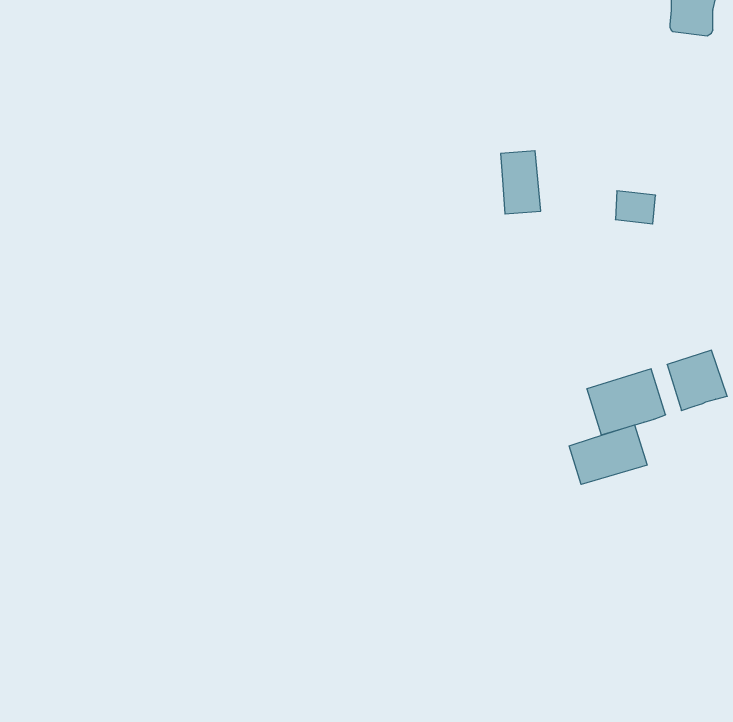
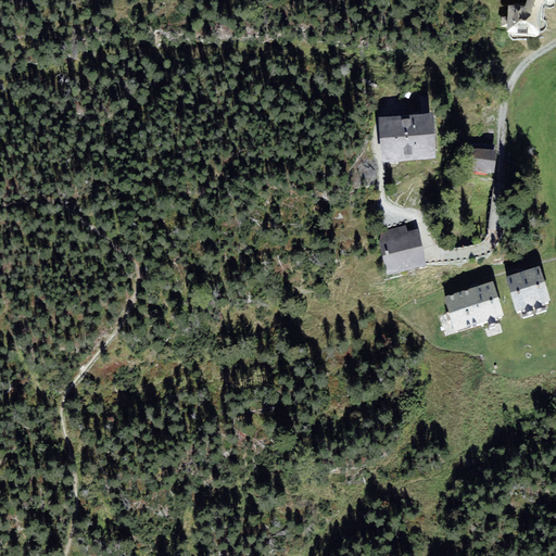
building: none -> [405,113,435,160]
building: none -> [378,218,427,273]
building: [569,425,647,484] -> none

